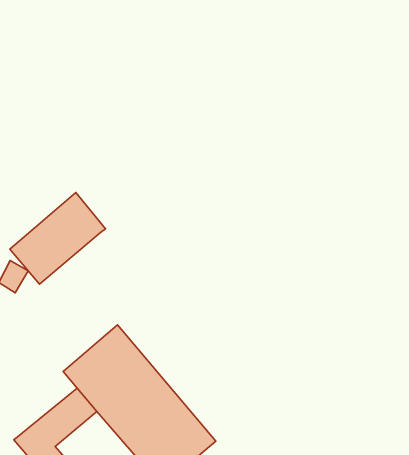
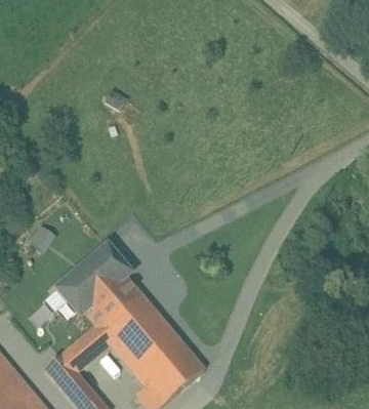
building: [10,193,106,284] -> [55,244,131,317]

